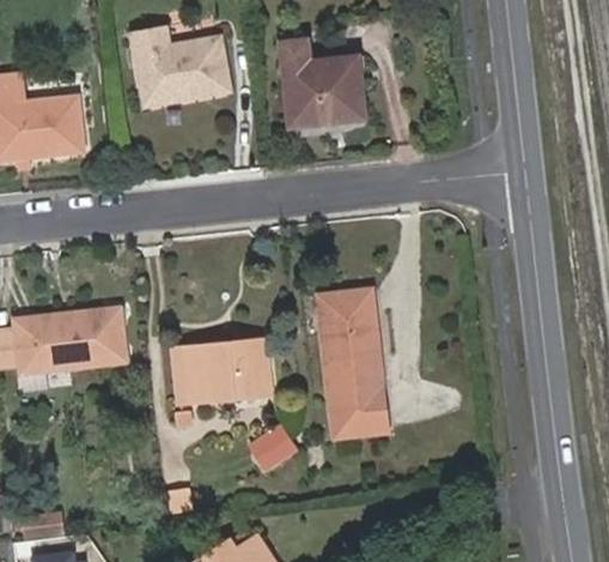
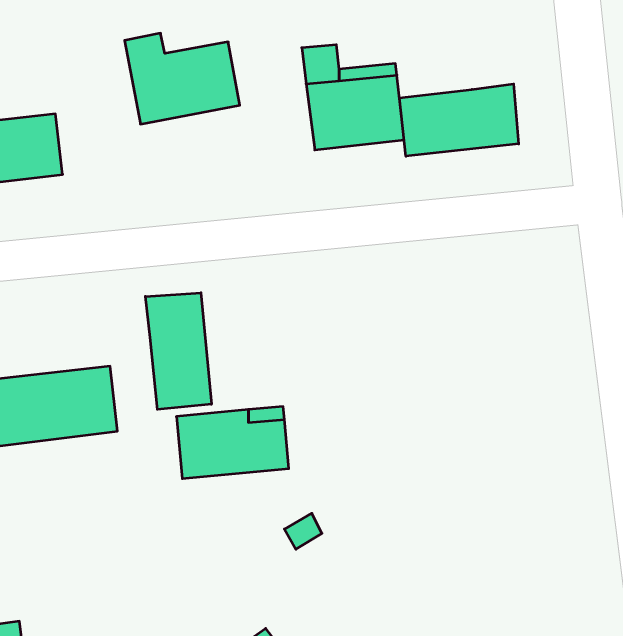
building: none -> [399,84,519,156]
building: none -> [145,293,211,409]
building: [318,289,388,436] -> none

